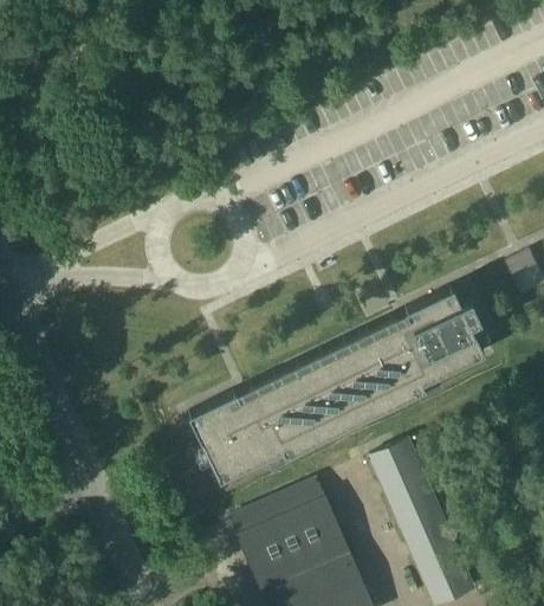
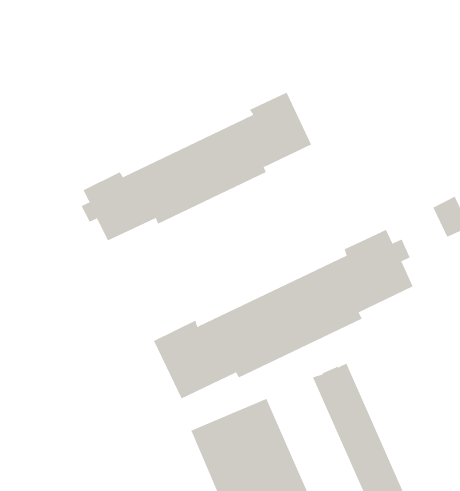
building: none -> [81,92,312,241]

